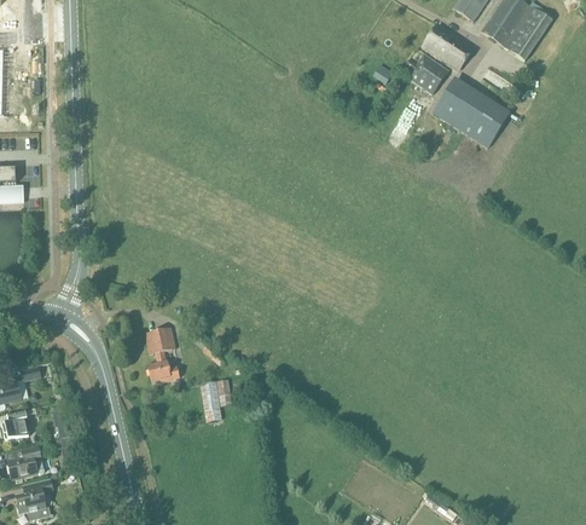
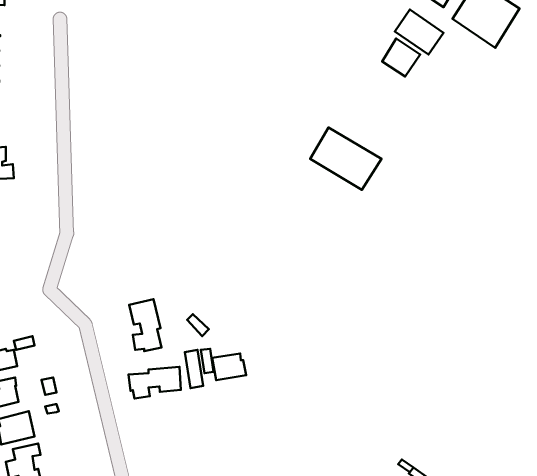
building: [434,80,509,145] -> [310,128,382,190]
building: none -> [212,354,246,380]
building: none -> [129,367,181,399]

